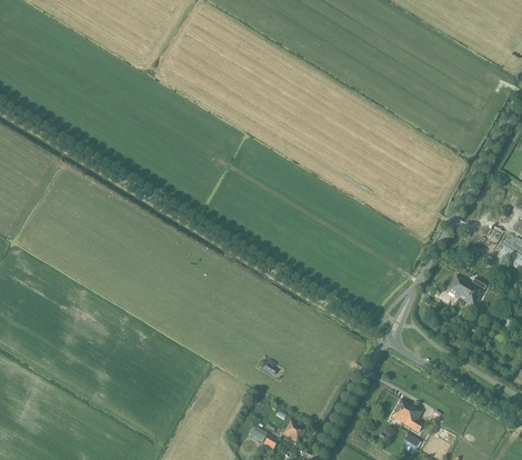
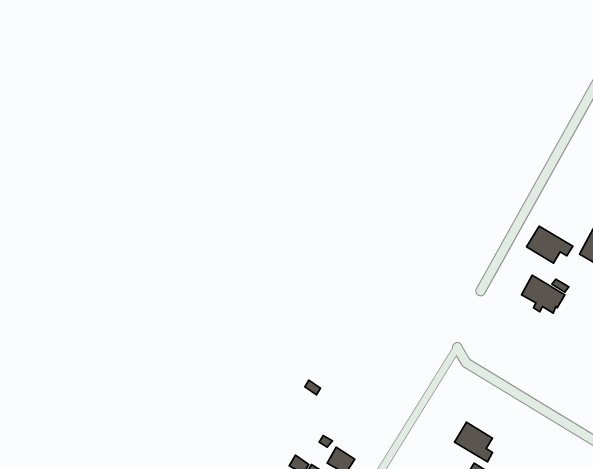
building: none -> [527,226,573,263]

